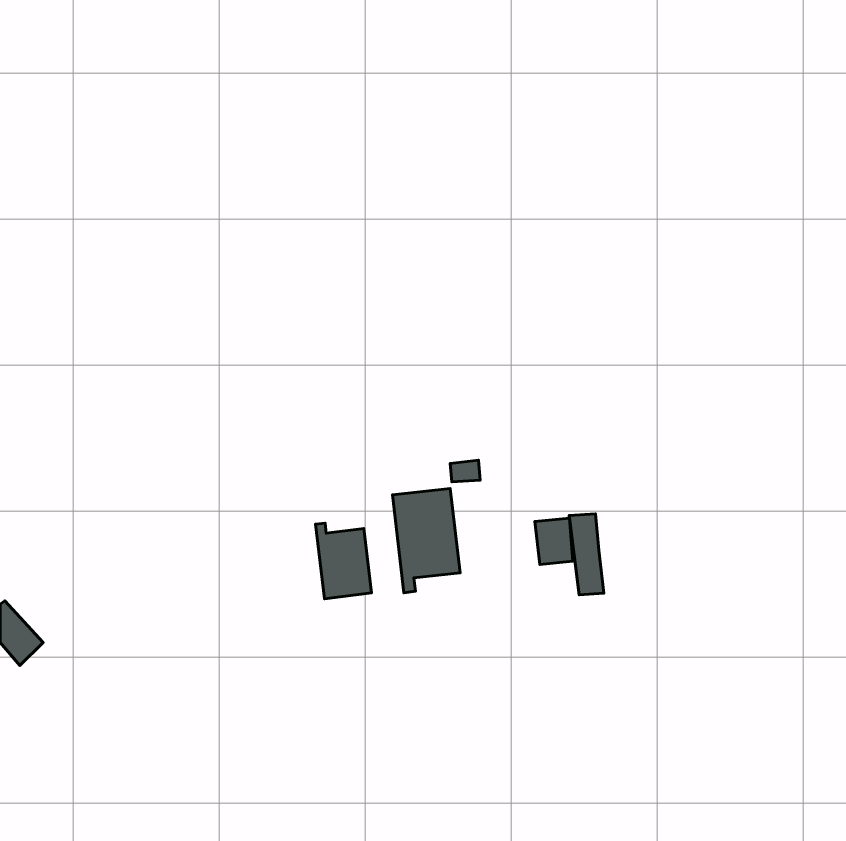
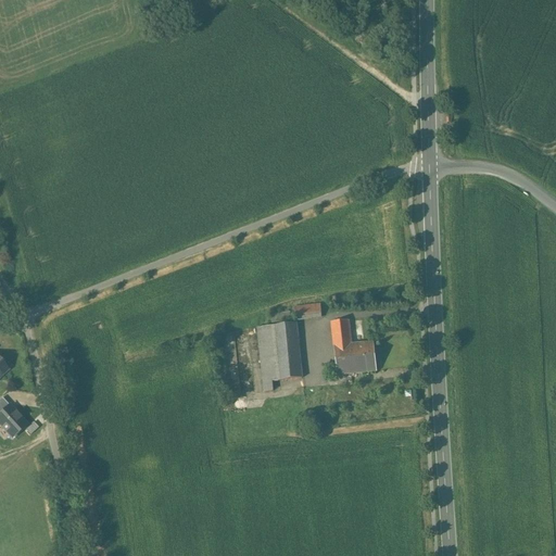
building: [569,514,604,595] -> [331,318,354,371]
building: [316,523,372,599] -> none

